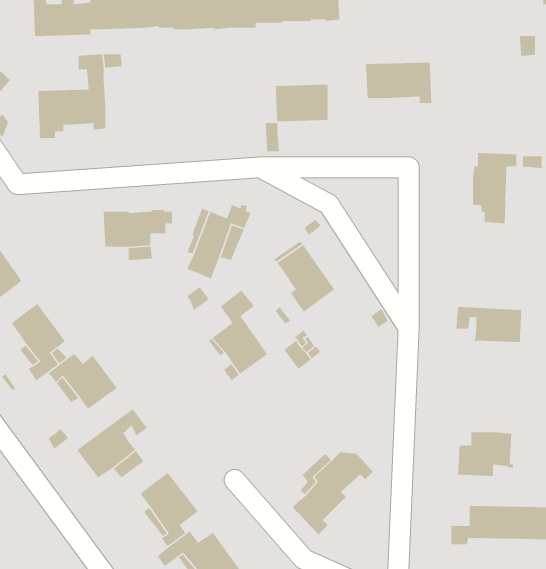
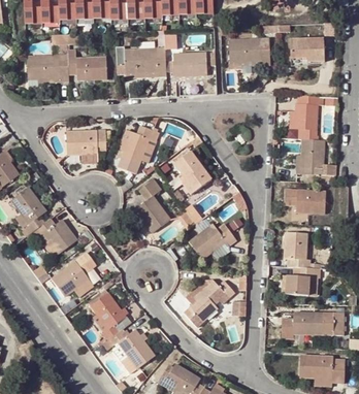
building: none -> [290,38,325,61]
building: none -> [117,46,167,76]
building: none -> [68,50,107,79]
building: none -> [300,138,335,175]
building: none -> [189,224,236,259]
building: none -> [285,232,309,267]

